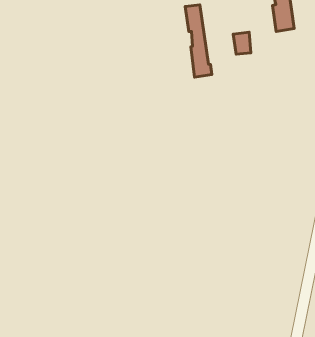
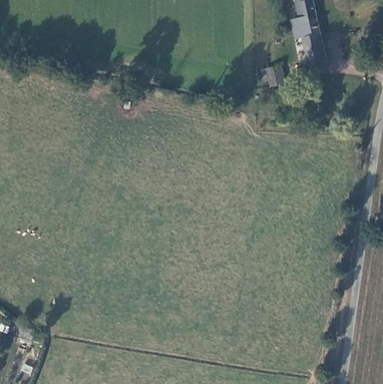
building: [185,5,212,77] -> none

